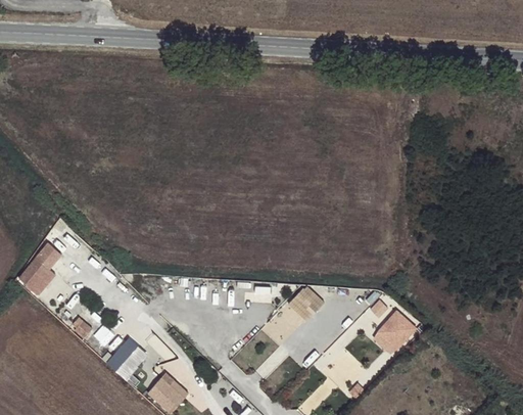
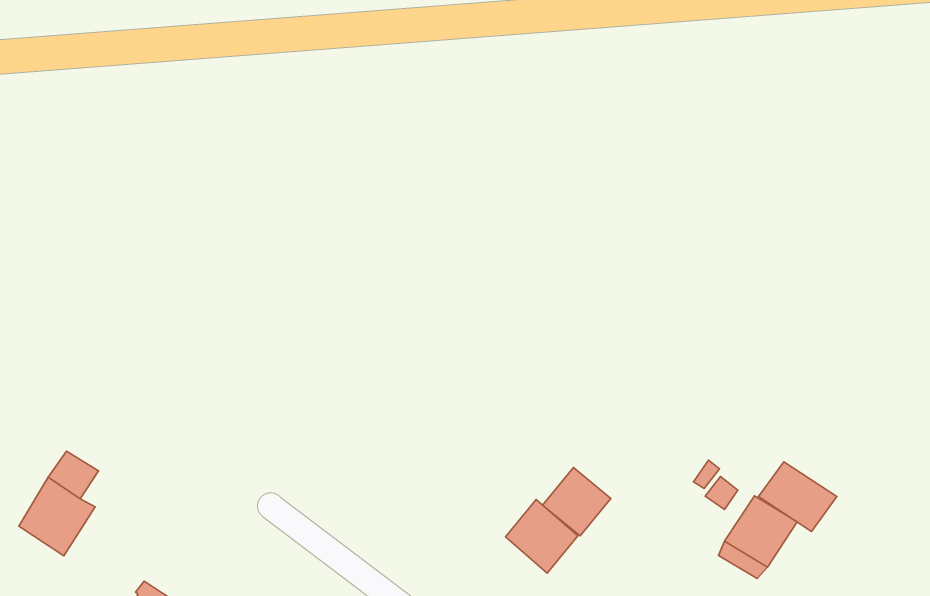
building: none -> [759,462,837,531]
building: none -> [506,500,578,573]

